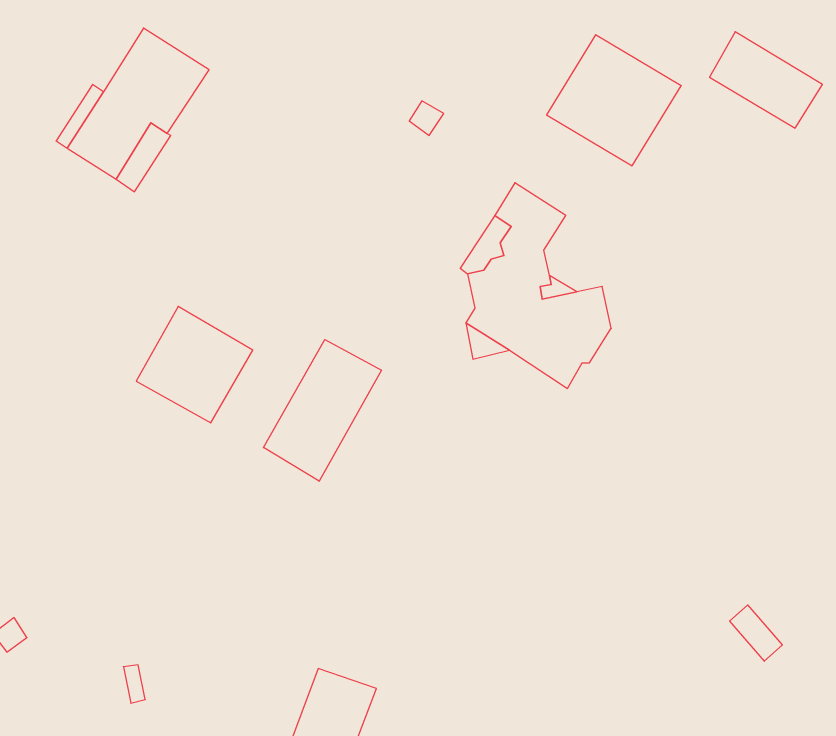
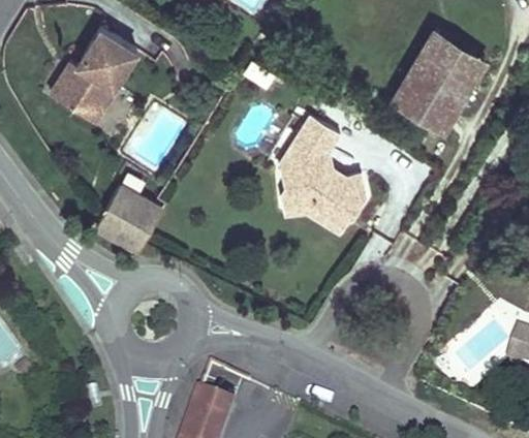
building: [547,35,681,166] -> [393,56,469,130]
building: [263,340,381,481] -> none

